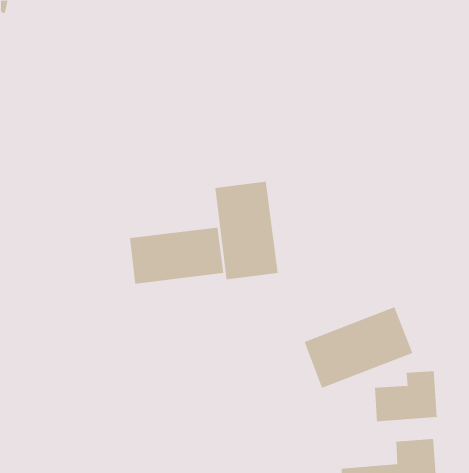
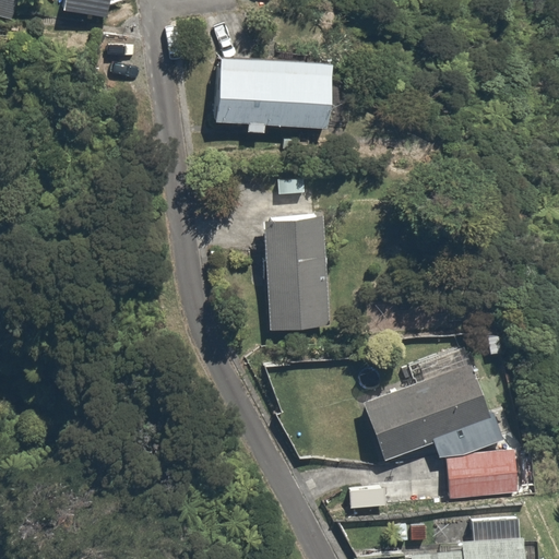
building: none -> [213,58,333,132]
building: [130,227,224,284] -> none

